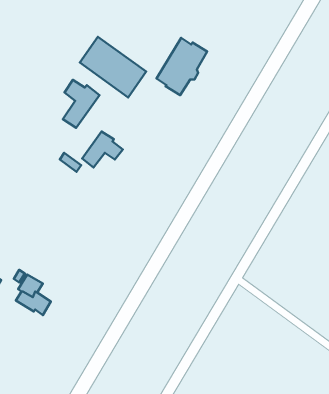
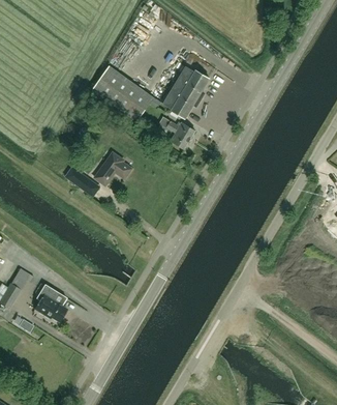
building: [63,80,99,128] -> none
building: none -> [159,116,196,148]

